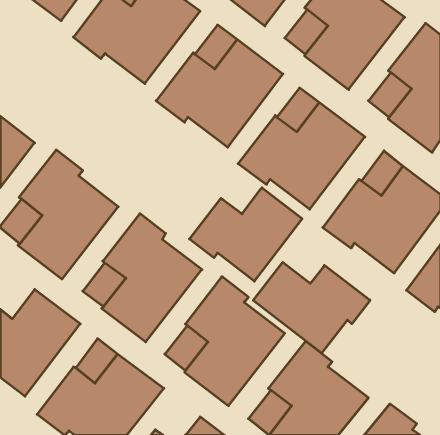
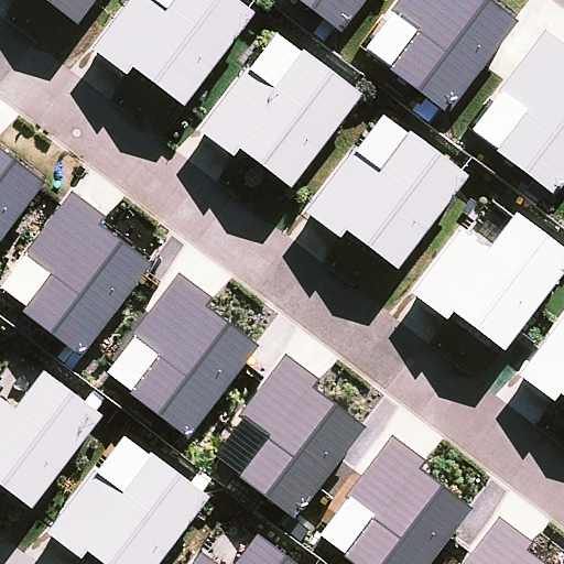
building: [189,188,302,281] -> none
building: [253,262,370,353] -> none

